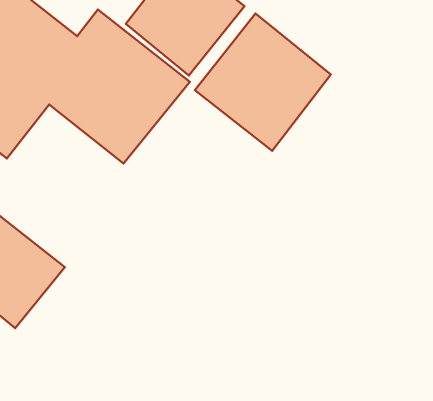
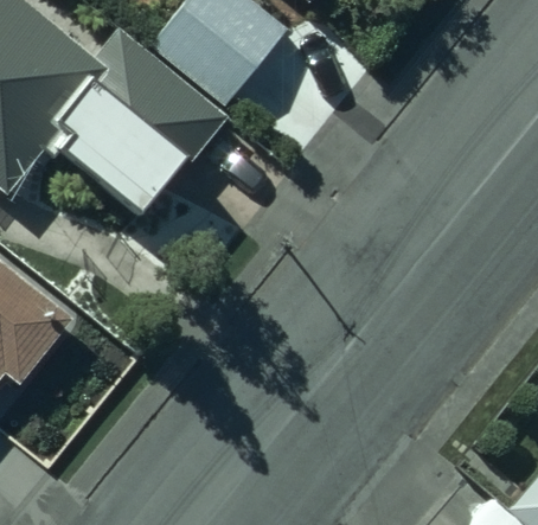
building: [195,14,331,151] -> none

